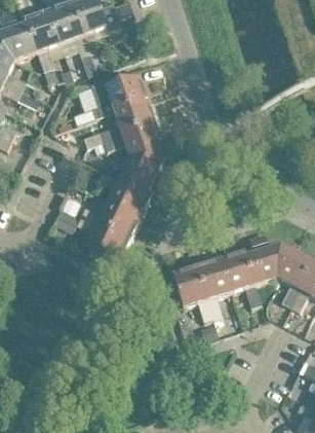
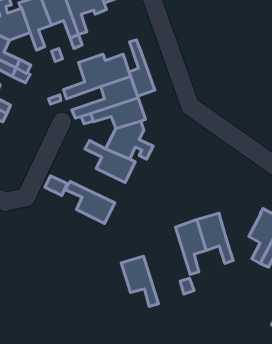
building: none -> [129,40,155,96]
building: [80,202,141,240] -> none
building: [245,233,290,284] -> none
building: [171,266,212,322] -> [121,256,159,307]

